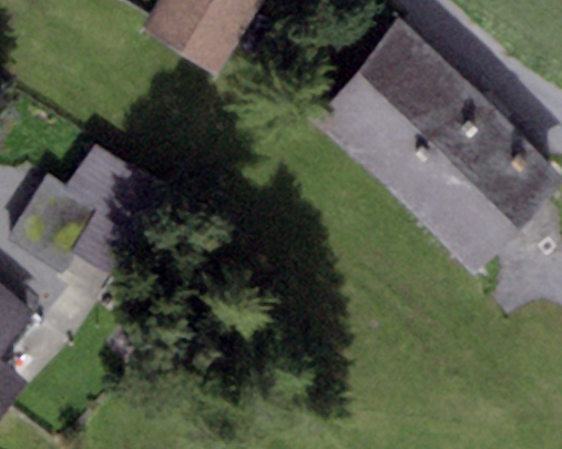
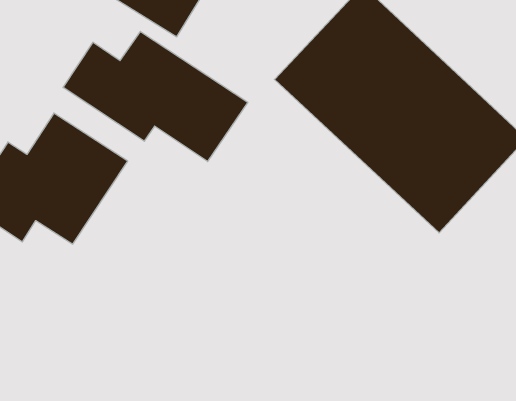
building: none -> [63,31,248,162]

